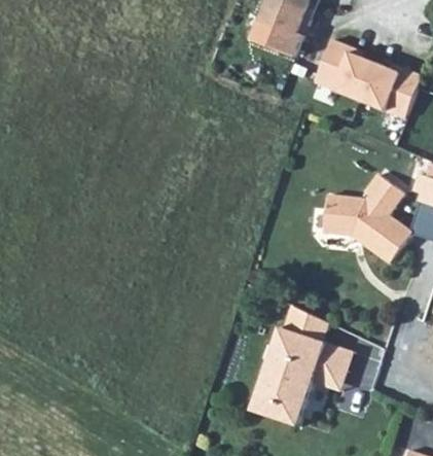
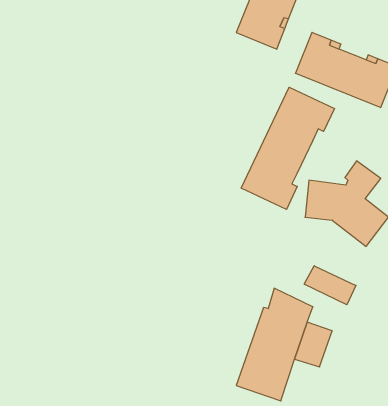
building: none -> [241,87,334,209]
building: none -> [304,266,356,305]

